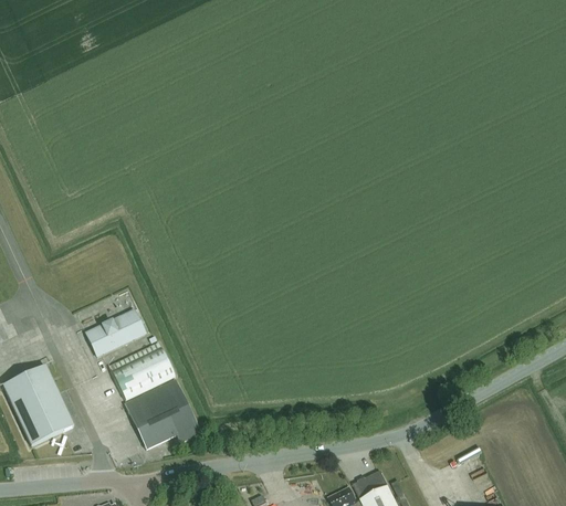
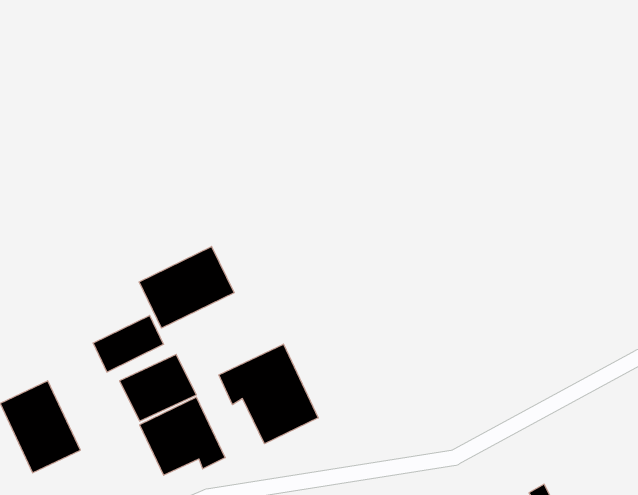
building: none -> [139,246,234,328]
building: none -> [219,344,318,444]

